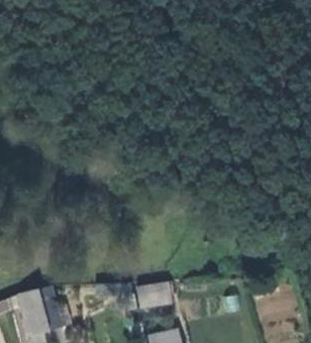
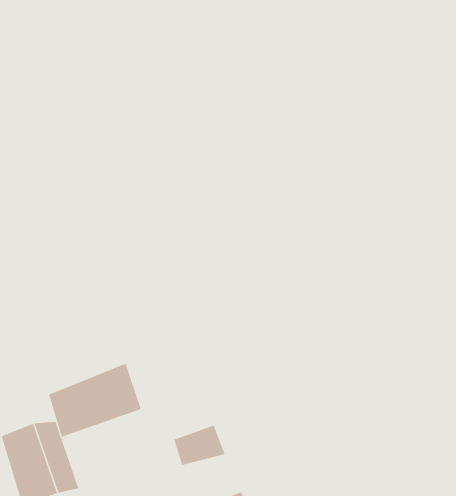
building: none -> [48,363,142,437]

